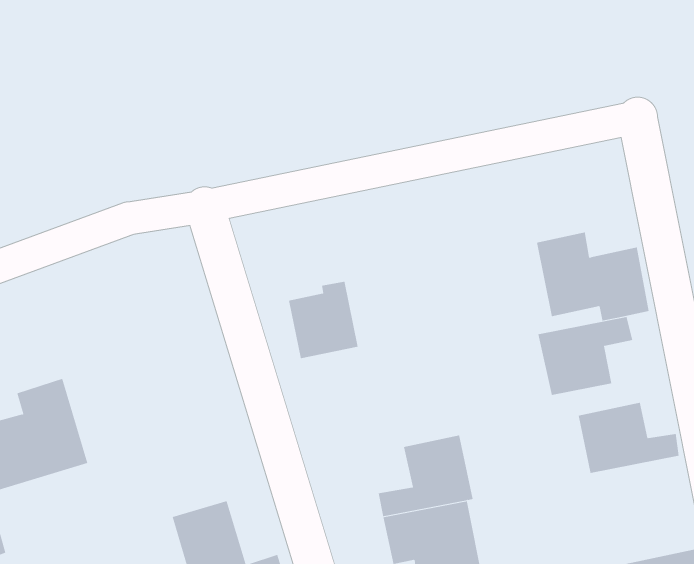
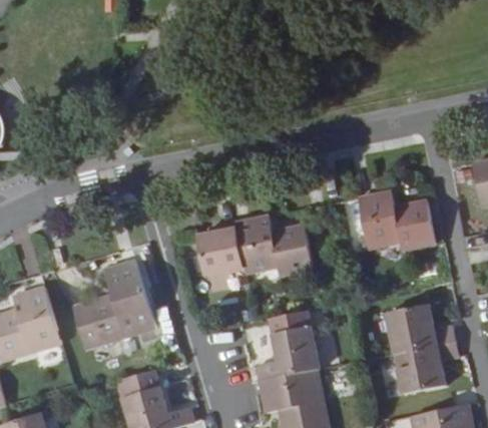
building: none -> [232,216,311,277]
building: [538,316,633,395] -> [397,340,461,393]
building: none -> [71,262,155,350]

